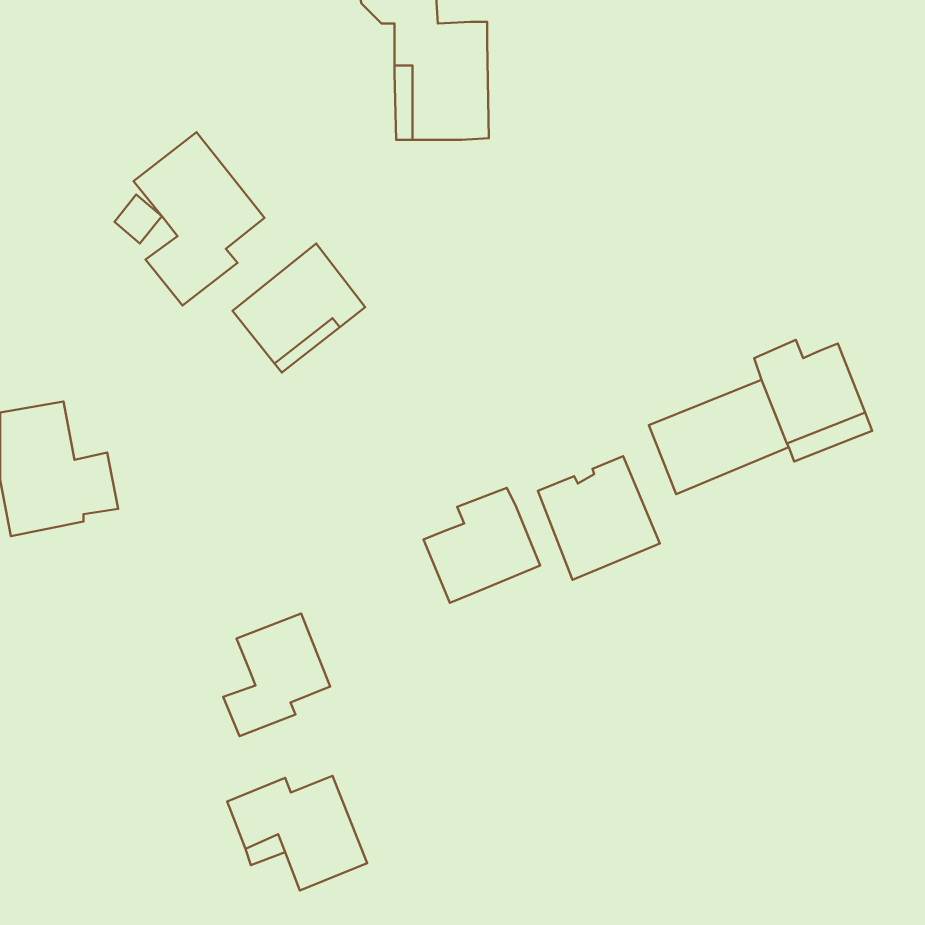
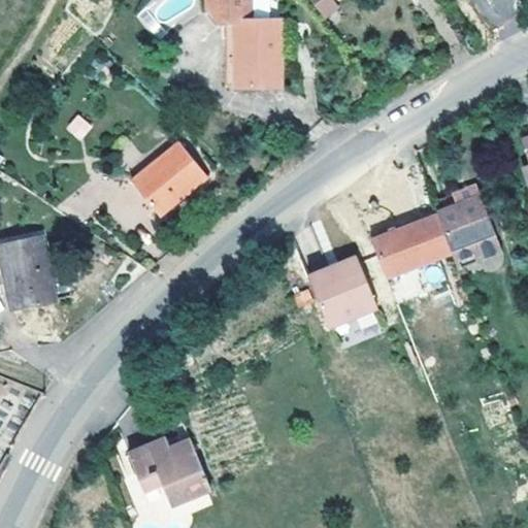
building: [133,132,265,305] -> none
building: [424,488,540,603] -> none
building: [223,613,330,736] -> none

